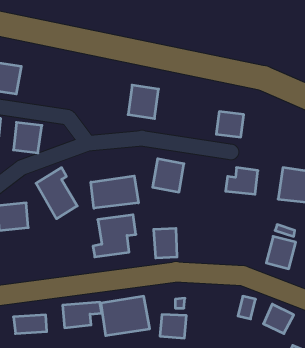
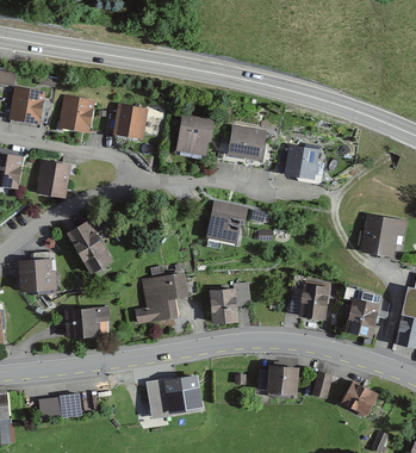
building: none -> [58,97,94,134]
building: none -> [112,104,148,138]
building: none -> [228,126,265,160]
building: [226,168,258,194] -> [287,284,327,316]
building: [91,176,138,208] -> none
building: [63,302,102,328] -> [63,305,111,336]
building: [160,315,186,338] -> [266,366,298,395]

